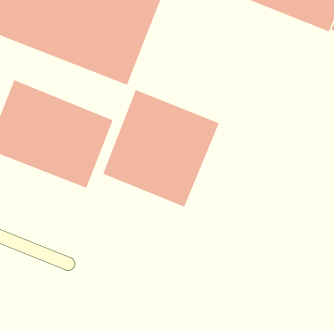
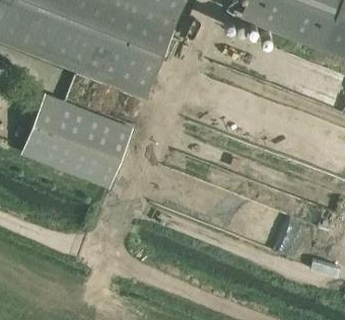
building: [102,89,219,207] -> none

